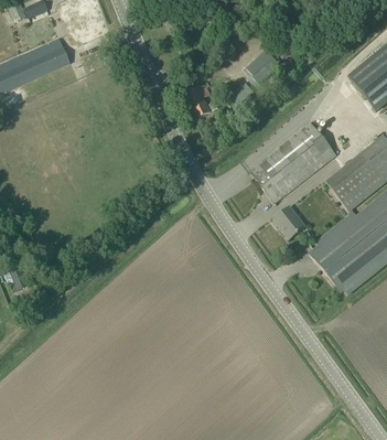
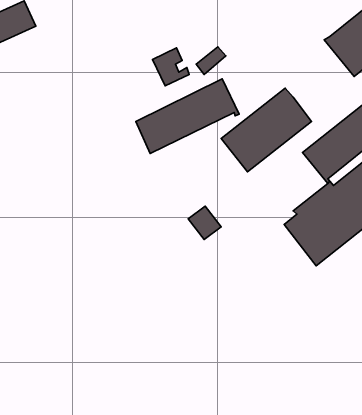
building: [248,52,280,83] -> none
building: none -> [136,79,239,153]
building: [273,206,305,238] -> [188,206,221,240]

